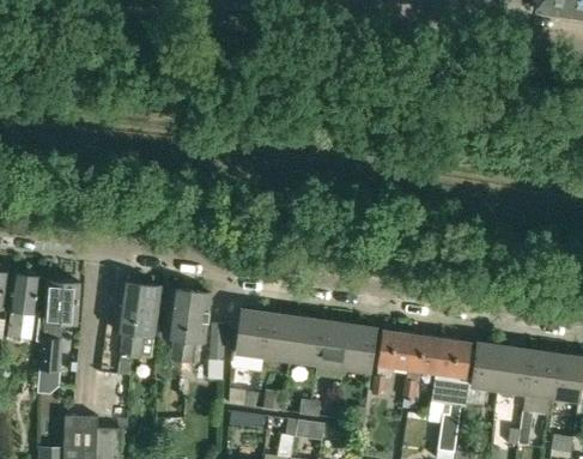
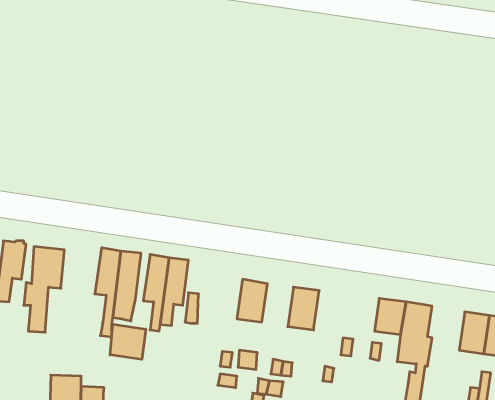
building: [235,309,268,355] -> none
building: [289,318,322,363] -> none
building: [344,325,377,370] -> none
building: [378,328,413,368] -> none
building: [469,343,504,388] -> none
building: none -> [110,324,146,359]

